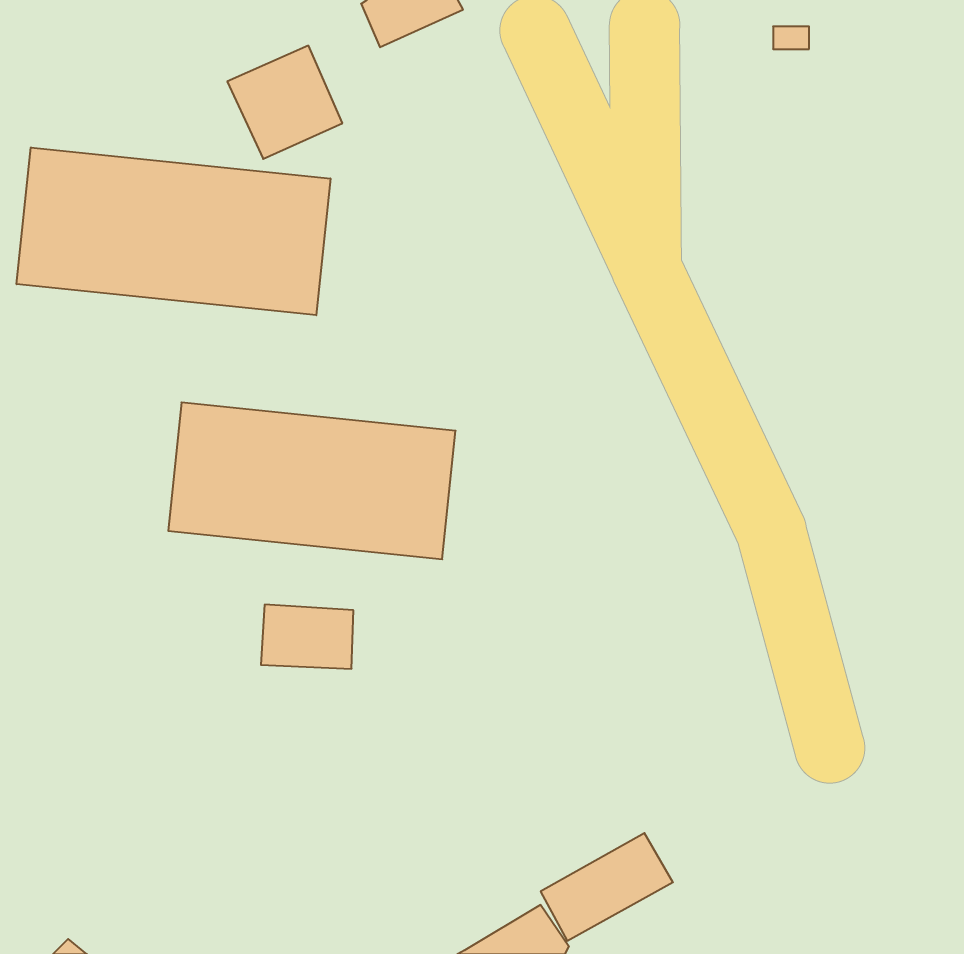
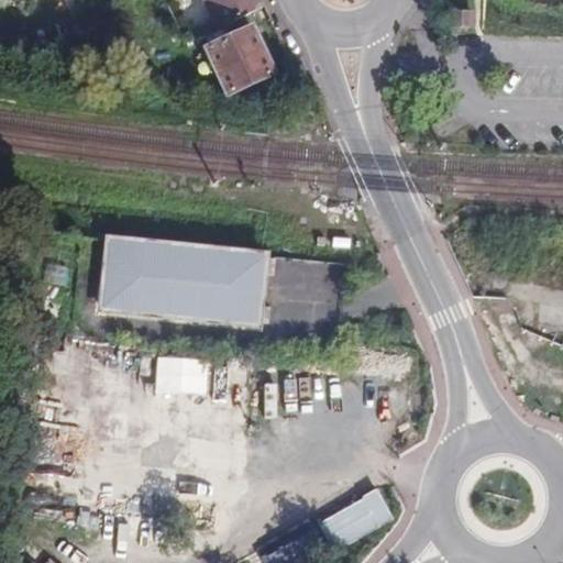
building: [227,46,342,159] -> [206,23,273,89]
building: [17,147,330,315] -> none

